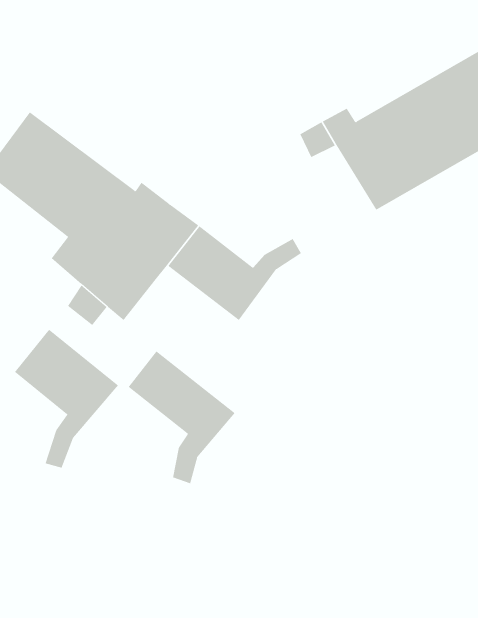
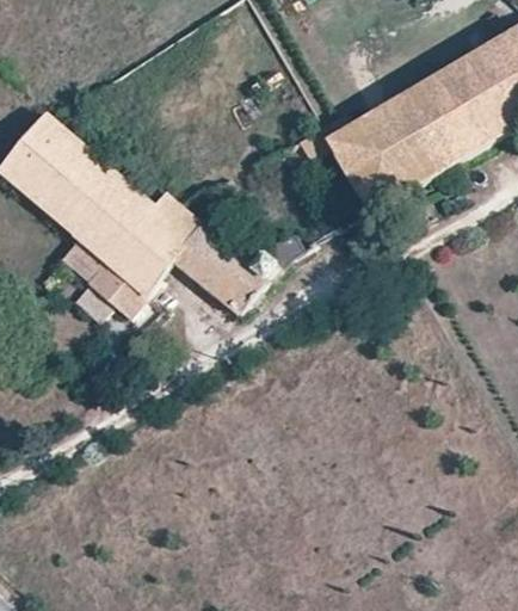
building: [14,329,119,468] -> none
building: [128,350,235,484] -> none

